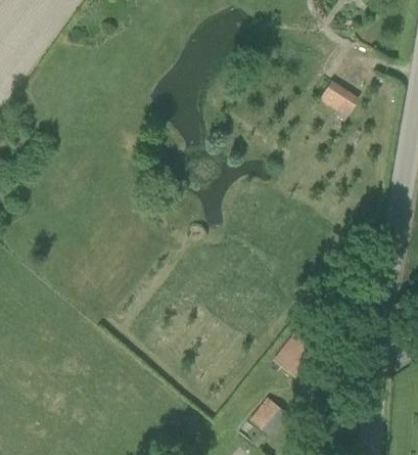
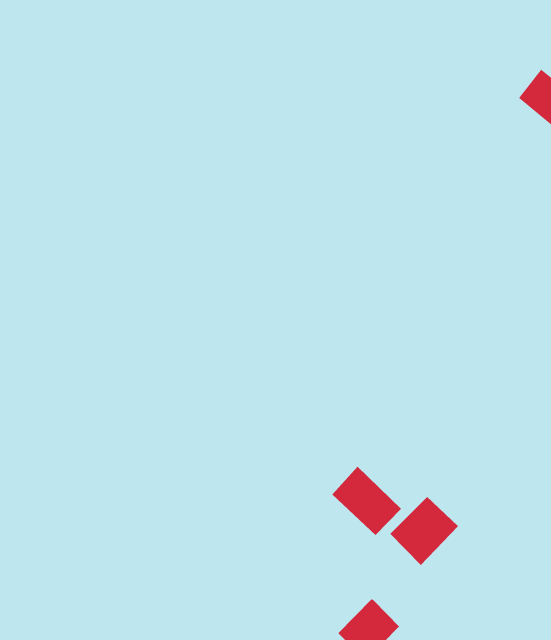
building: none -> [331,466,402,536]

